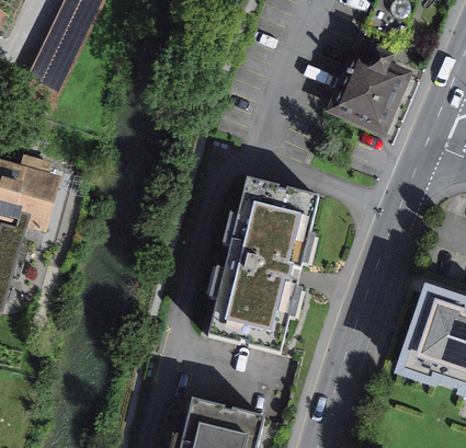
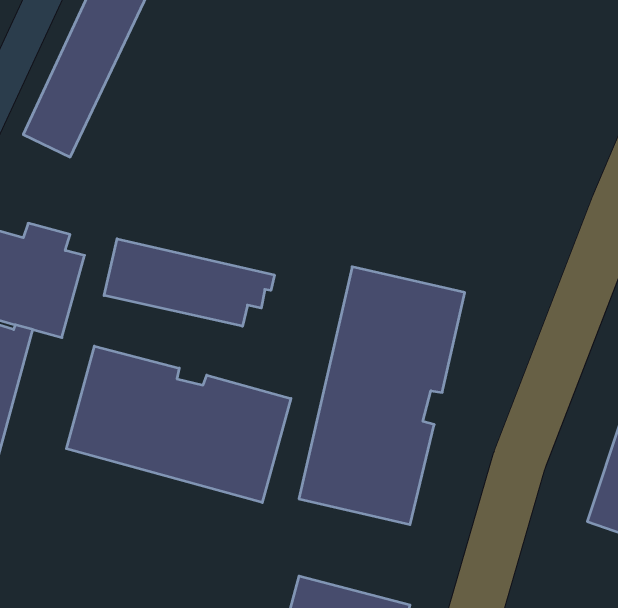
building: [330,43,413,127] -> none
building: none -> [104,239,274,326]
building: none -> [66,346,291,503]

